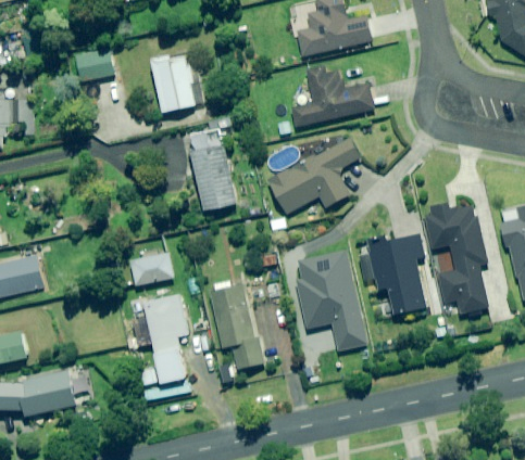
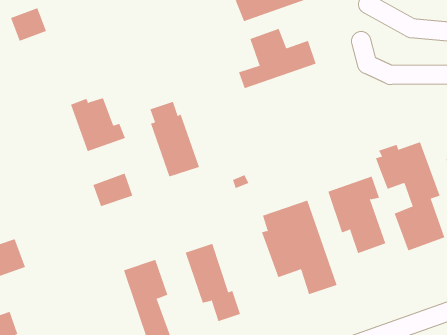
building: [74,48,111,81] -> [10,7,47,42]
building: [150,55,204,112] -> [70,97,126,152]
building: [266,139,360,214] -> none
building: [132,253,173,285] -> [93,173,133,207]

